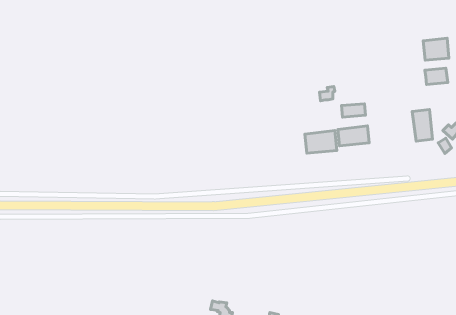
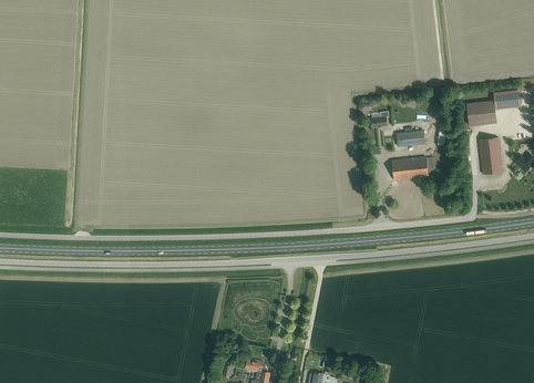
building: [423,38,449,60] -> [466,100,496,125]
building: [305,131,337,153] -> none

